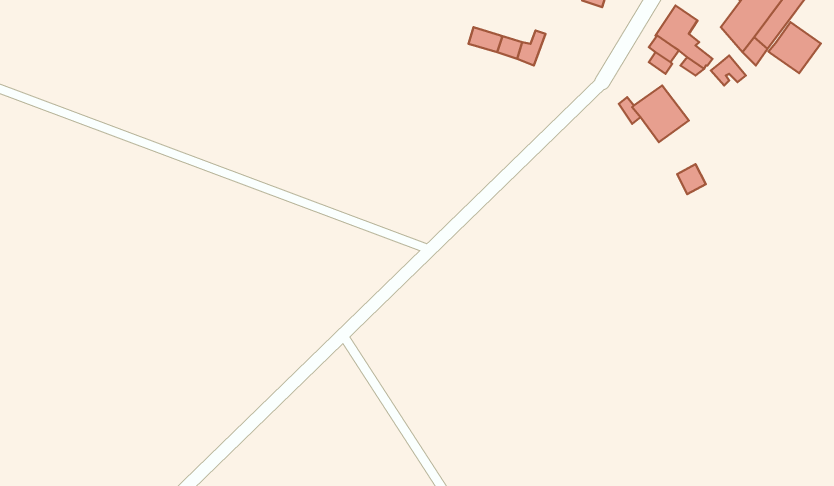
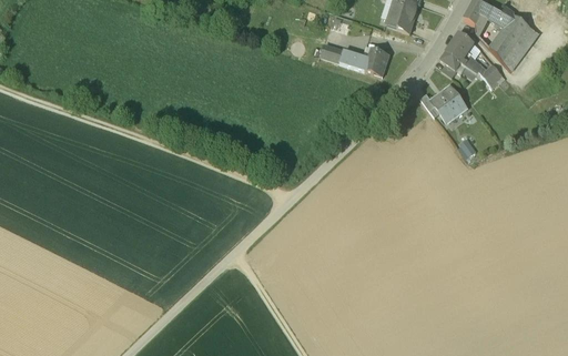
building: [769,22,821,73] -> none
building: none -> [364,49,389,77]

